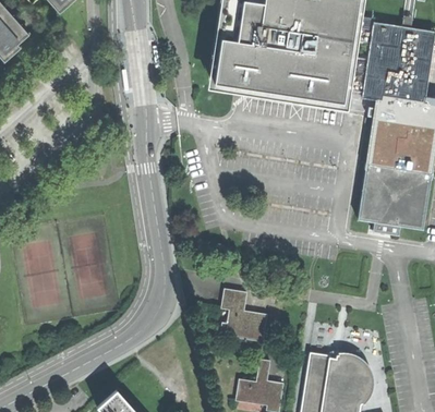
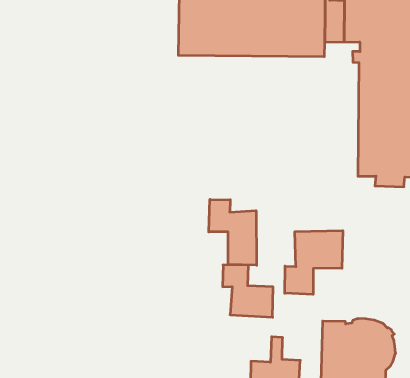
building: none -> [209,199,257,265]
building: none -> [285,231,343,294]

